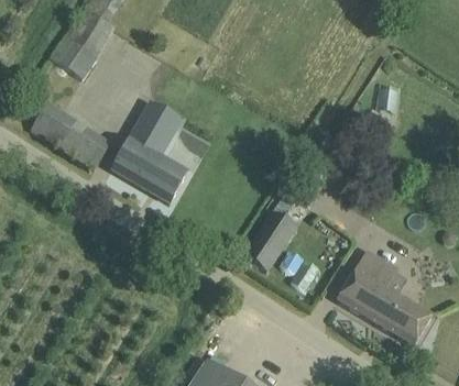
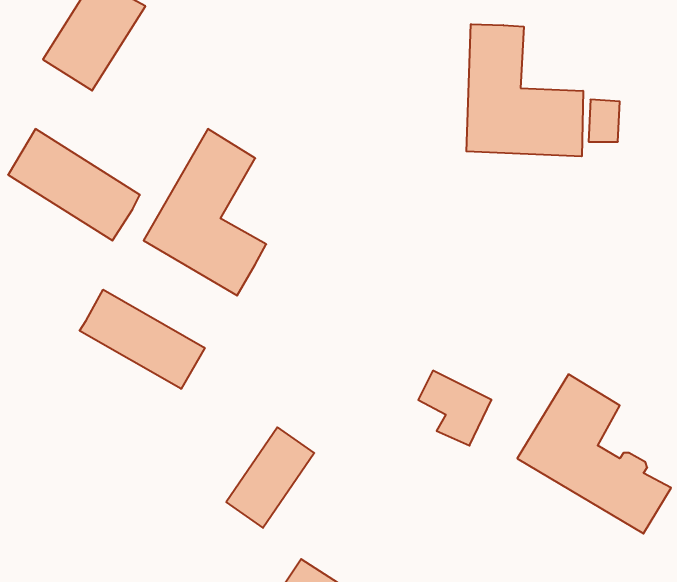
building: none -> [466,24,583,156]
building: none -> [80,290,205,389]
building: [243,210,296,271] -> [226,427,314,528]

